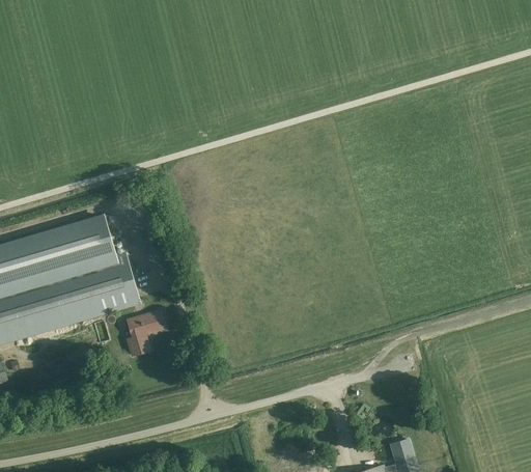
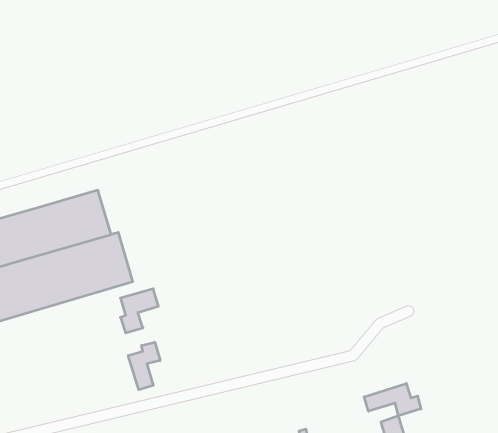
building: none -> [128,342,160,390]
building: none -> [364,383,421,416]

